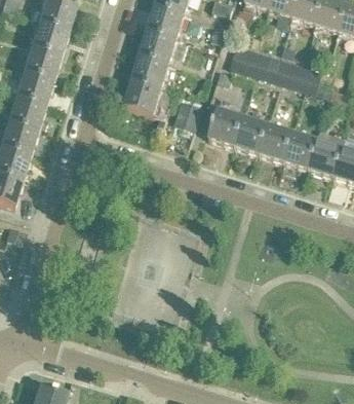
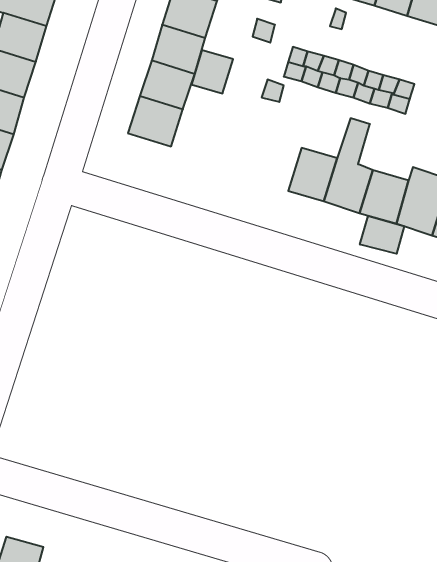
building: [174,100,203,130] -> [191,50,233,93]
building: [211,108,245,146] -> none
building: none -> [360,216,404,254]

